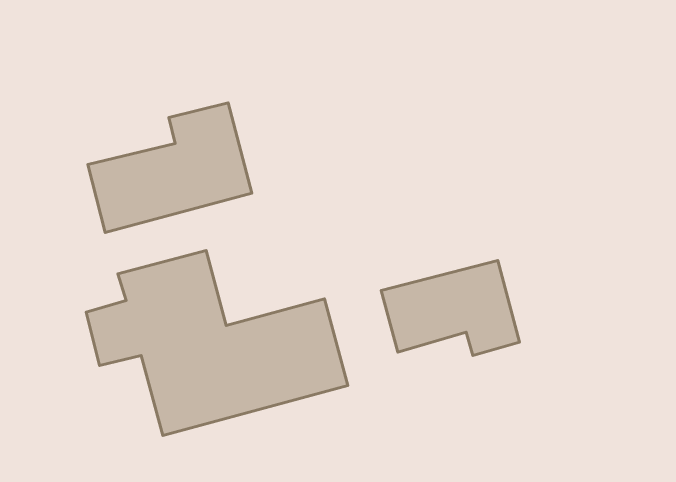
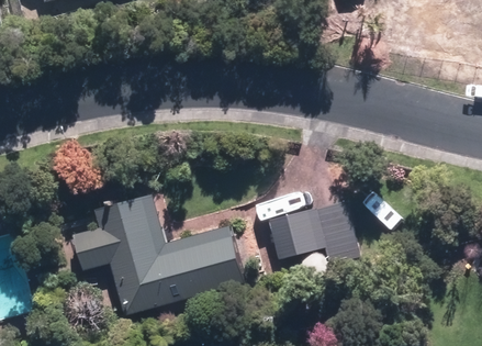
building: [88,103,252,233] -> none

